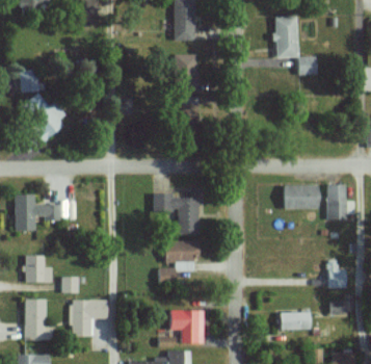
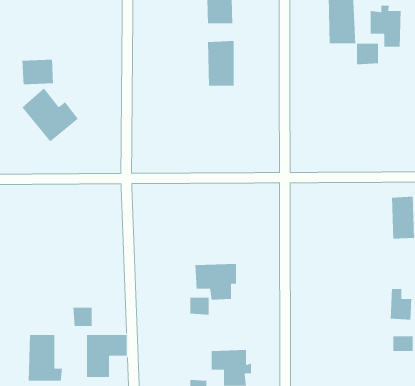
building: none -> [370,5,401,48]
building: [282,185,318,209] -> none
building: [15,194,60,231] -> none
building: [152,194,198,235] -> none
building: [24,256,52,283] -> none
building: [281,312,309,329] -> none

